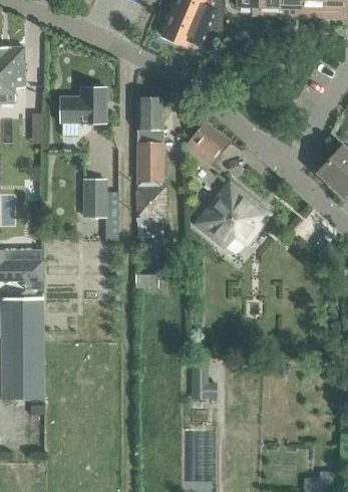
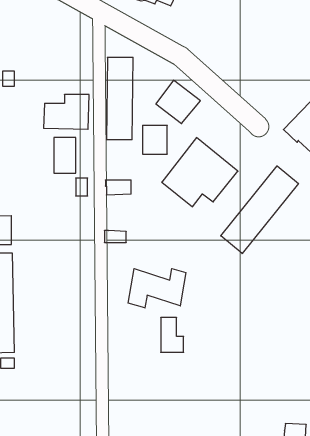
building: [61,87,107,122] -> [44,95,89,129]
building: [137,187,162,216] -> [143,125,167,154]
building: none -> [221,166,298,254]
building: none -> [128,269,186,308]

